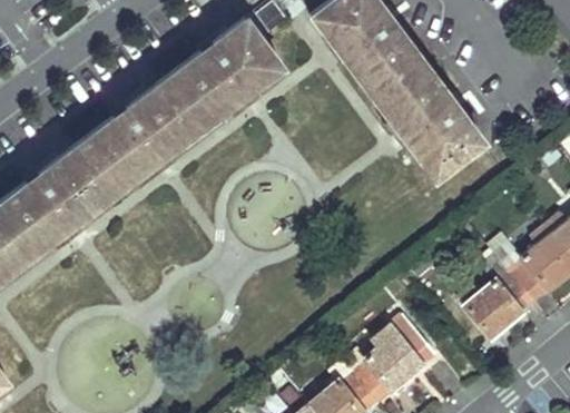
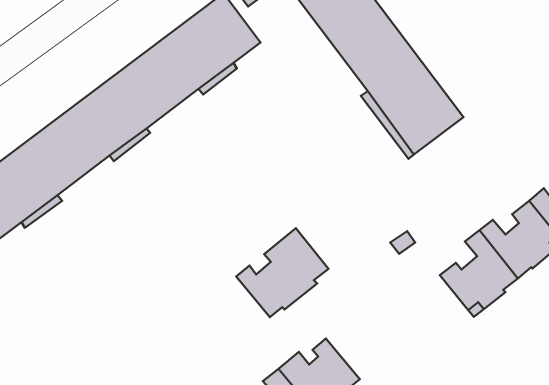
building: [348,312,440,400] -> [236,228,329,317]

